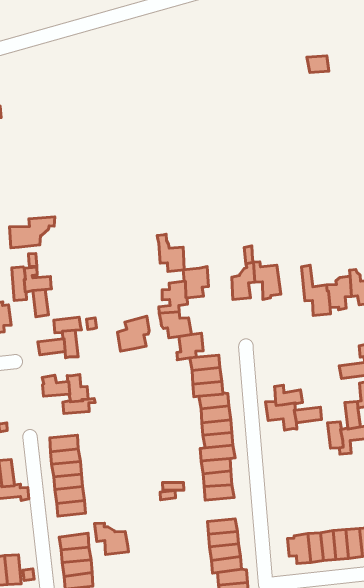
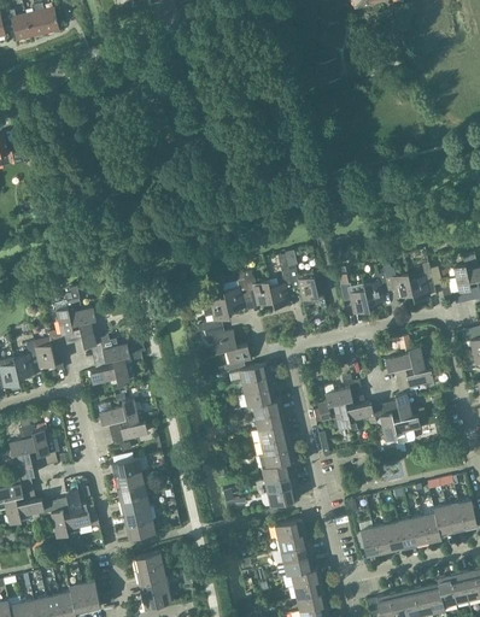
building: [10,217,55,248] -> none
building: [157,234,184,272] -> [242,270,273,306]
building: [117,316,149,351] -> none
building: [94,523,128,554] -> none

